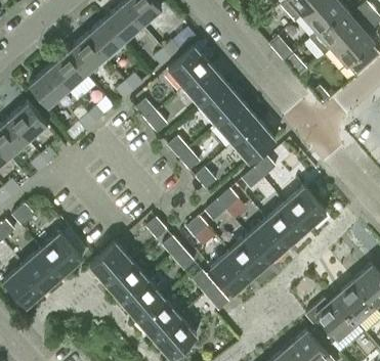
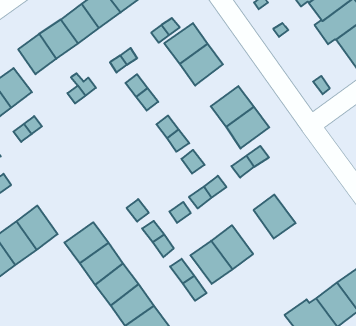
building: [202,83,243,124] -> none
building: [286,186,327,228] -> none
building: [248,219,289,261] -> none

